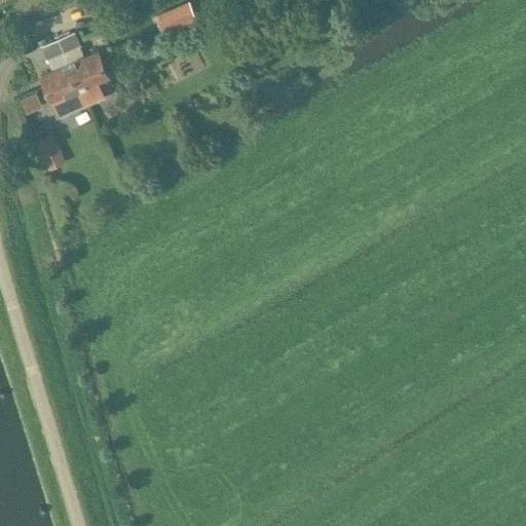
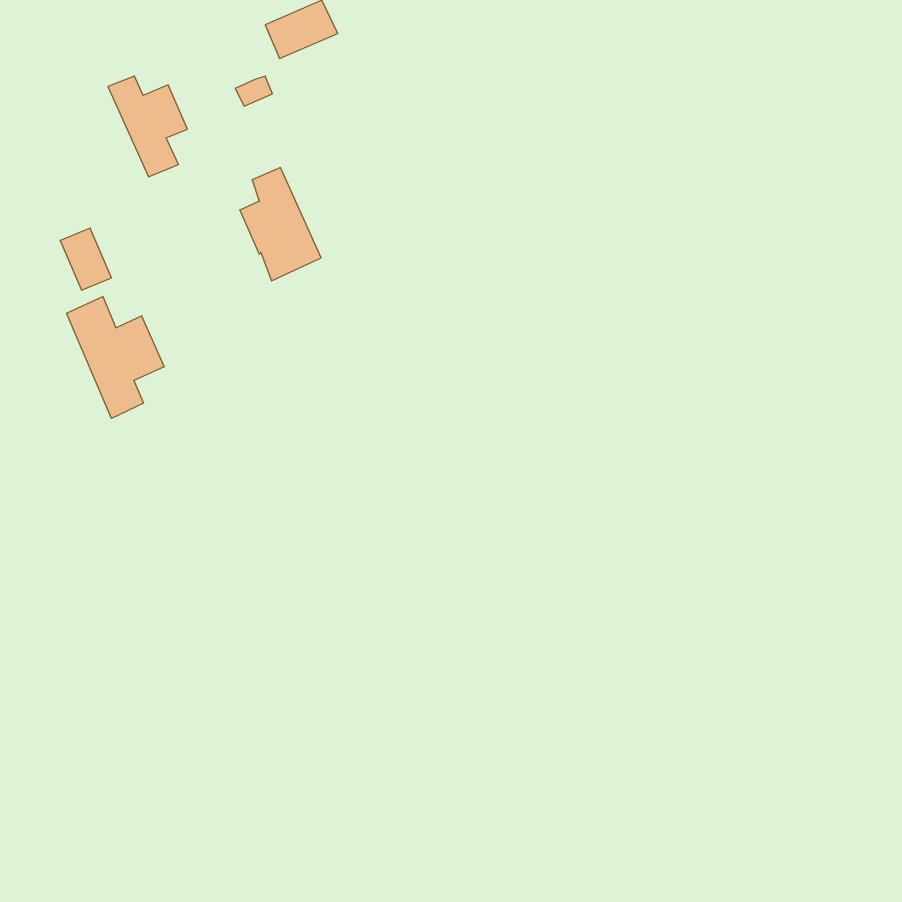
building: [39,51,86,117] -> [240,168,321,281]
building: none -> [67,296,164,418]

